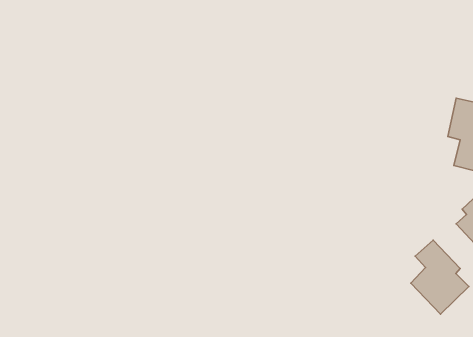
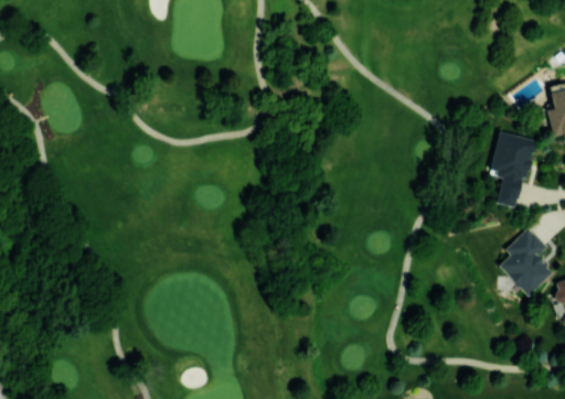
building: [411,240,469,314] -> none

